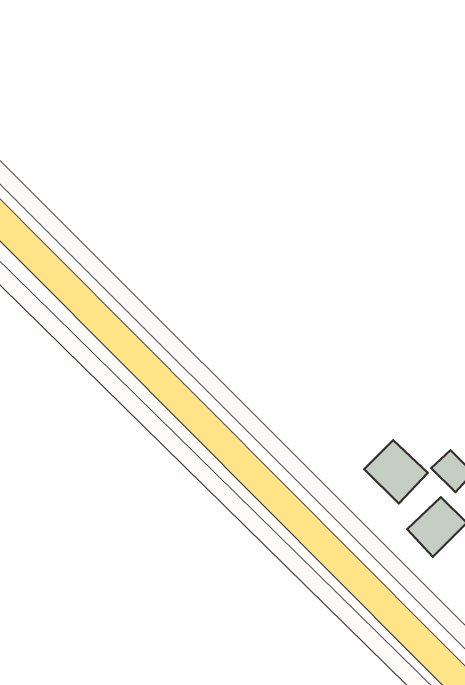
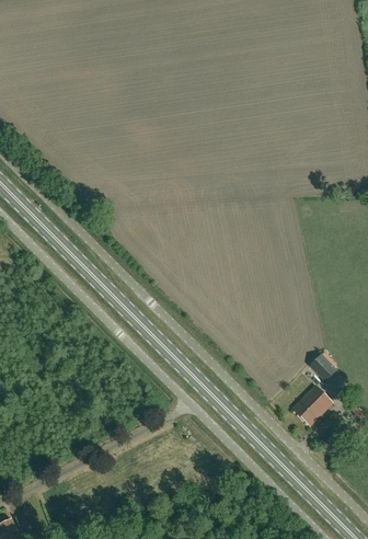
building: [364,440,428,504] -> none

